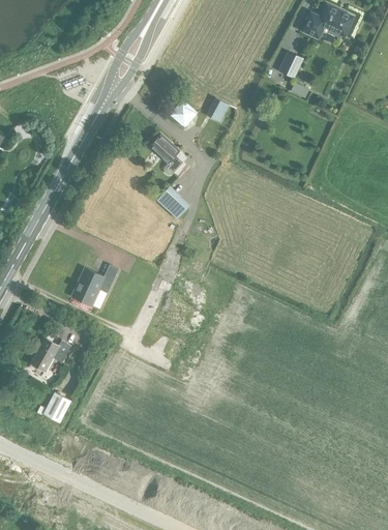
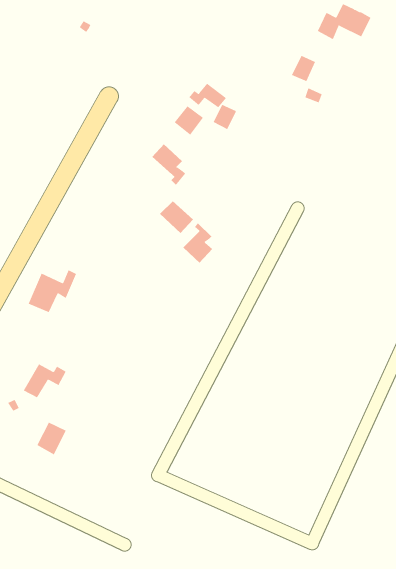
building: none -> [188,83,227,108]
building: none -> [182,222,213,263]
building: [72,265,118,305] -> [28,269,77,313]

